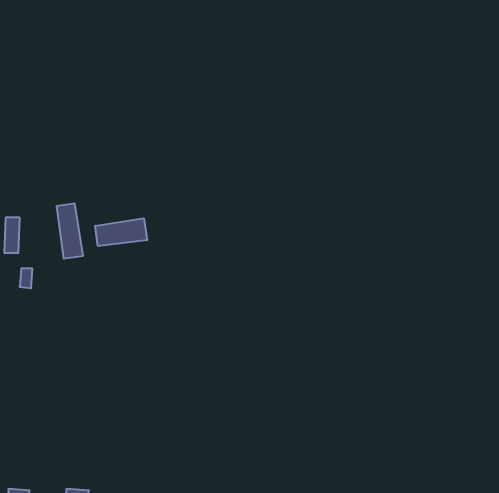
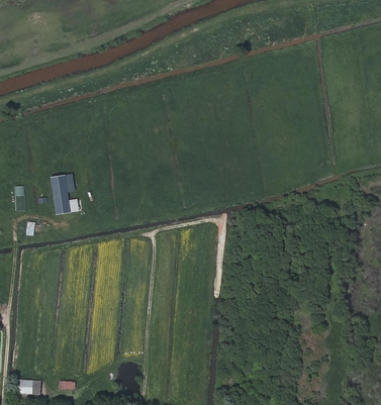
building: [95,218,147,246] -> none

